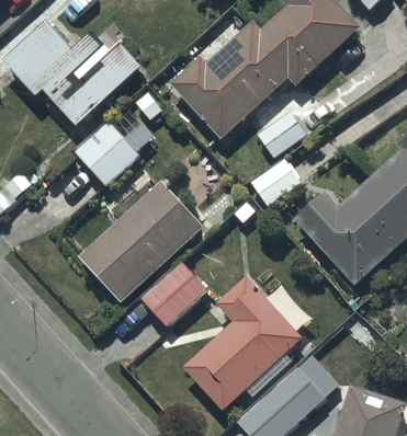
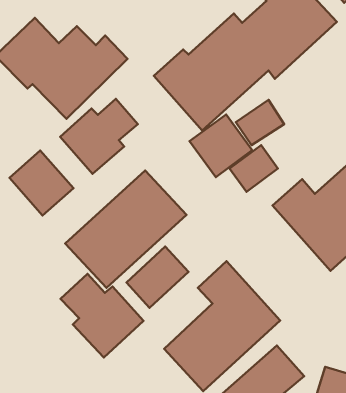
building: none -> [189,114,252,177]
building: none -> [9,151,73,216]
building: none -> [60,274,143,357]

